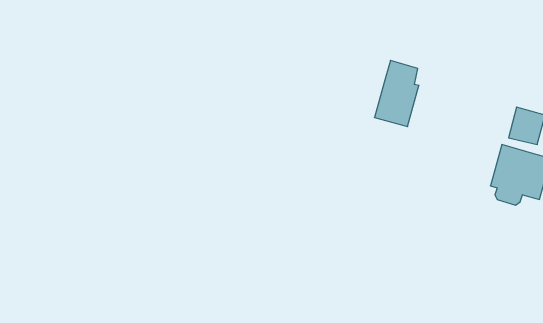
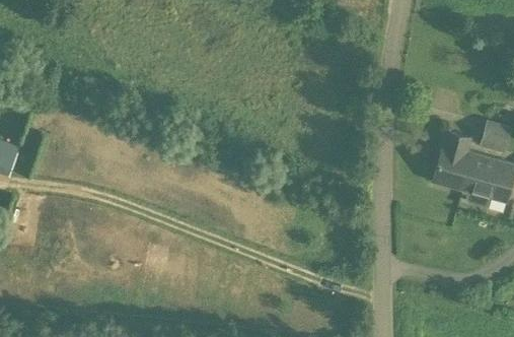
building: [374,60,419,127] -> [434,130,473,189]

